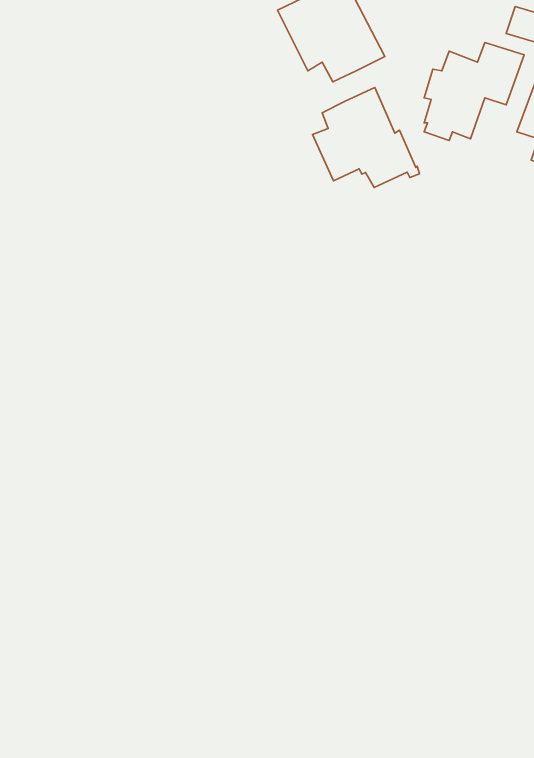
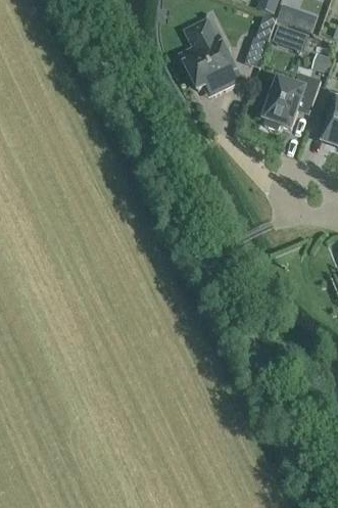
building: [312,87,420,188] -> none

